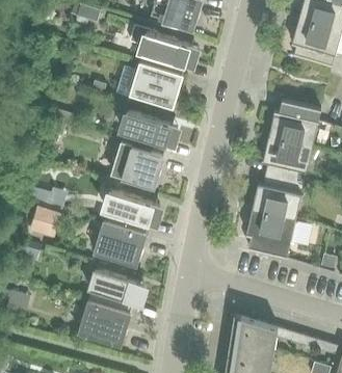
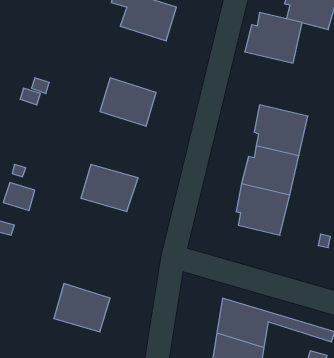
building: [130,63,182,108] -> none
building: [268,100,321,146] -> [245,12,302,63]
building: [111,142,163,187] -> none
building: [94,222,146,266] -> none
building: [87,270,140,315] -> none

